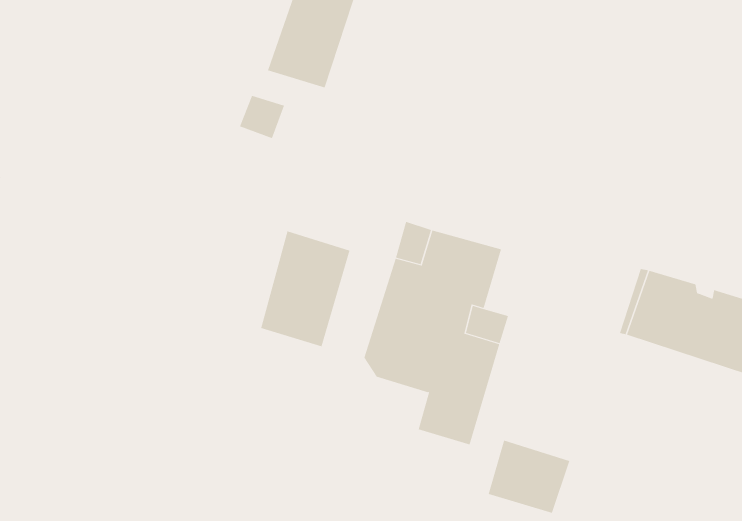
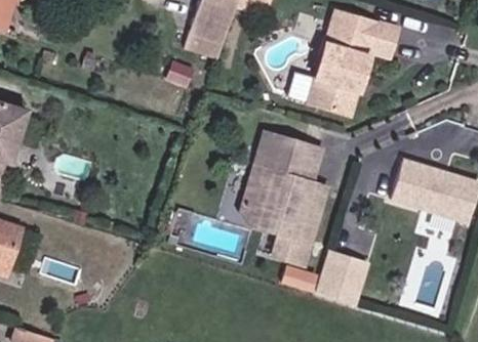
building: none -> [284,9,398,118]
building: [261,231,350,347] -> none

